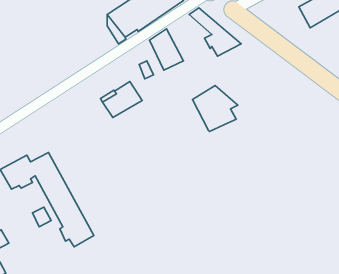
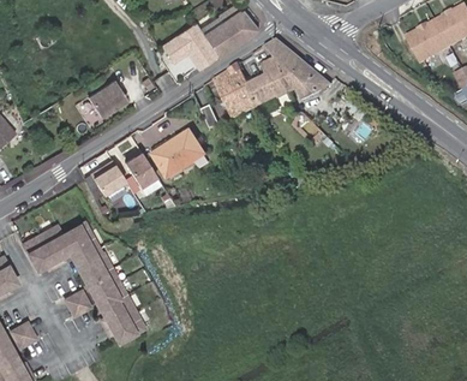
building: none -> [89,82,128,119]
building: [193,85,238,132] -> [237,47,294,106]
building: none -> [125,154,157,189]
building: none -> [91,162,125,195]

